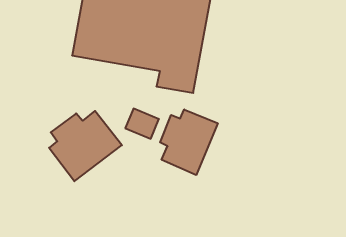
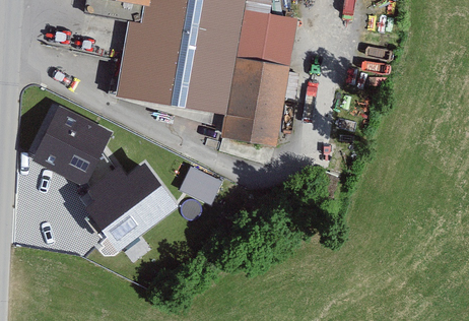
building: none -> [33,111,104,183]
building: [160,109,218,175] -> none

